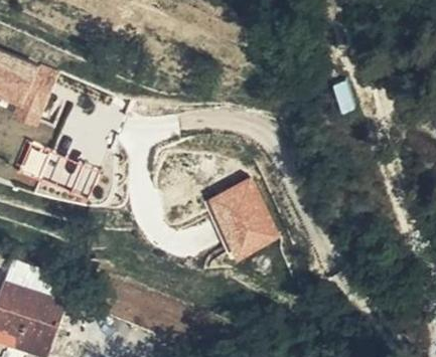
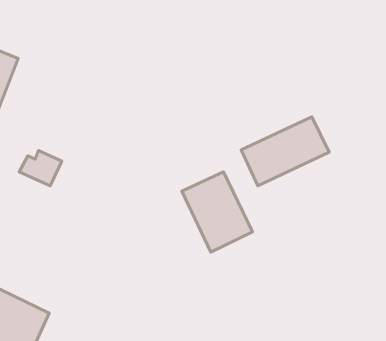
building: none -> [241,117,329,186]

